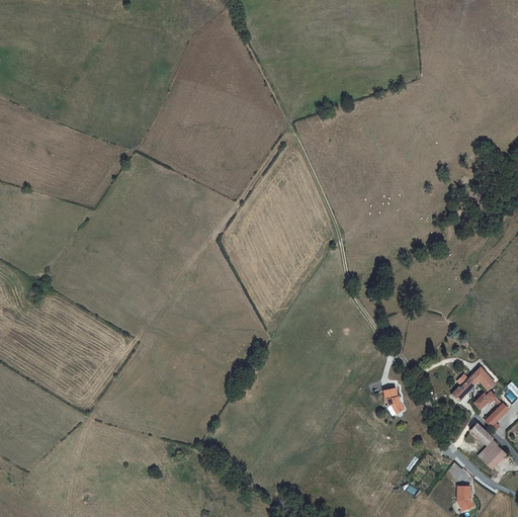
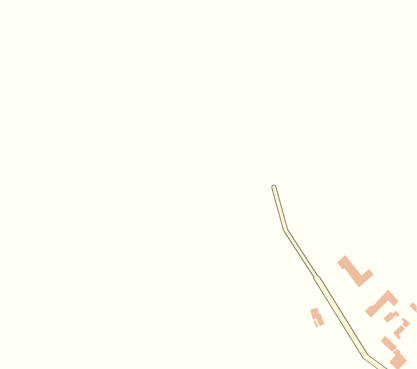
building: none -> [336,254,375,288]

